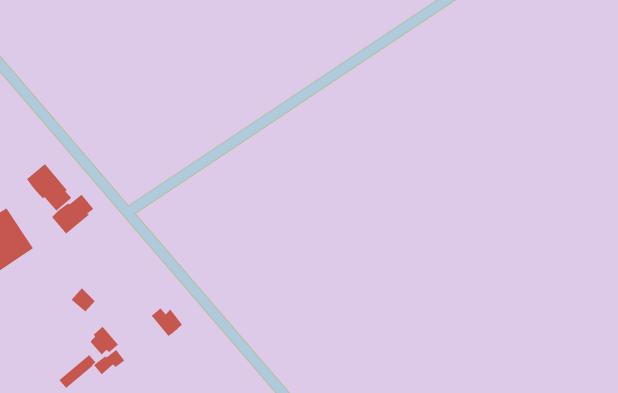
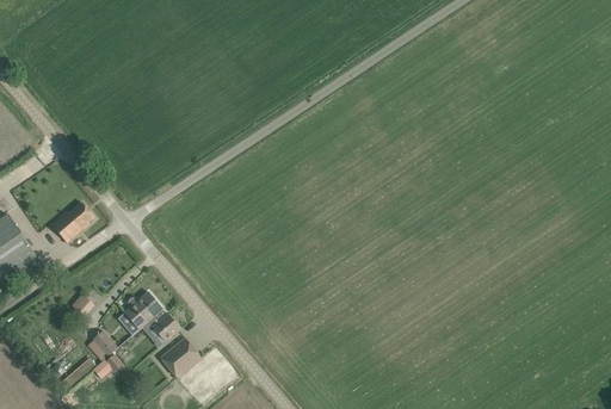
building: [26,163,72,212] -> none
building: none -> [123,290,167,328]
building: none -> [160,335,202,377]

